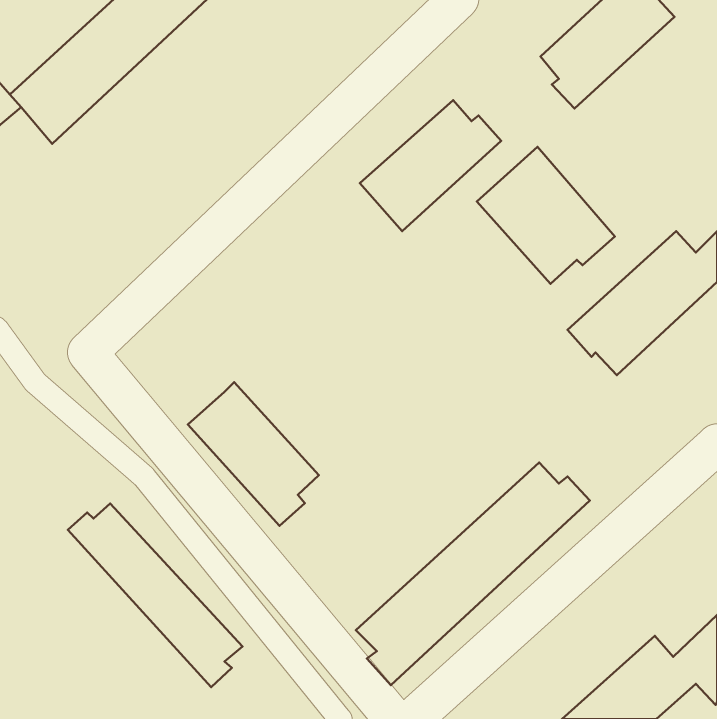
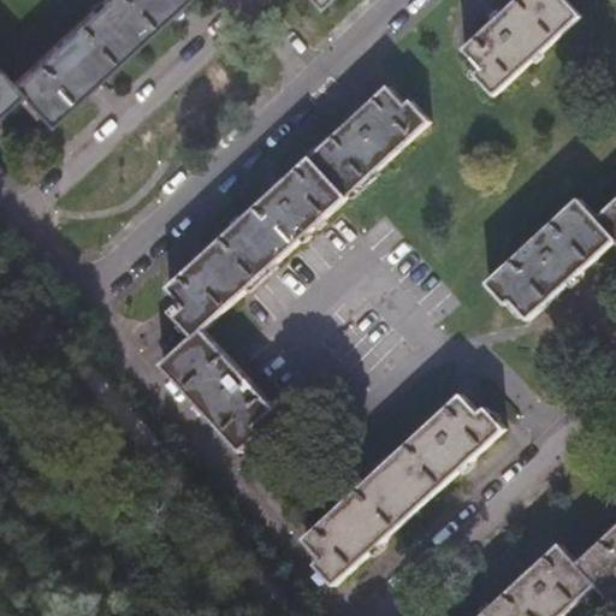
building: [477,147,615,284] -> none
building: none -> [165,156,343,334]
building: [68,503,242,687] -> none

